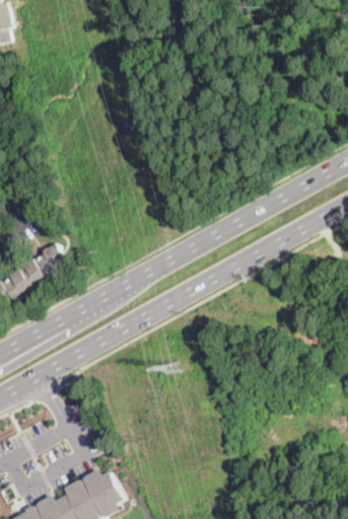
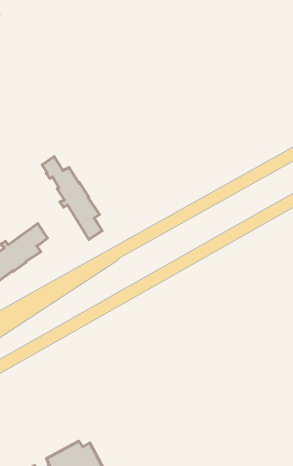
building: none -> [42,156,102,240]

